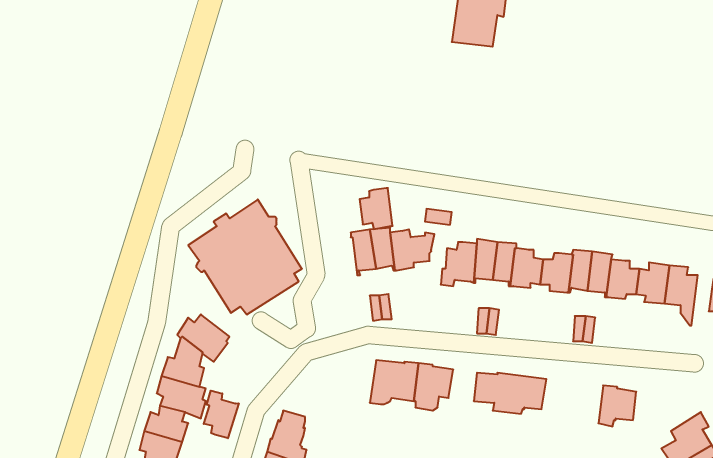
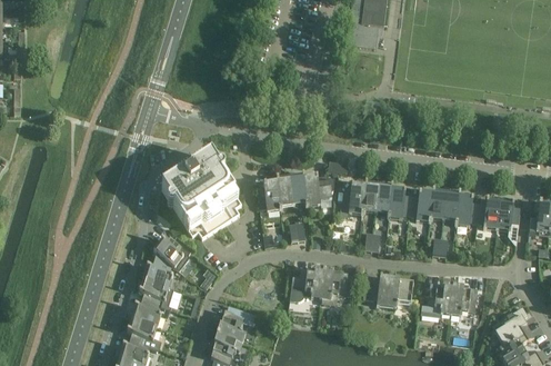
building: [360,188,393,229] -> [257,180,280,209]
building: none -> [420,284,453,315]
building: [204,391,239,438] -> none

